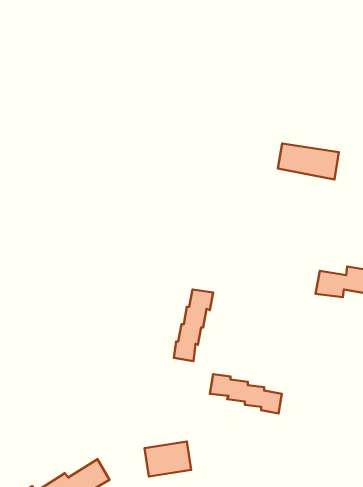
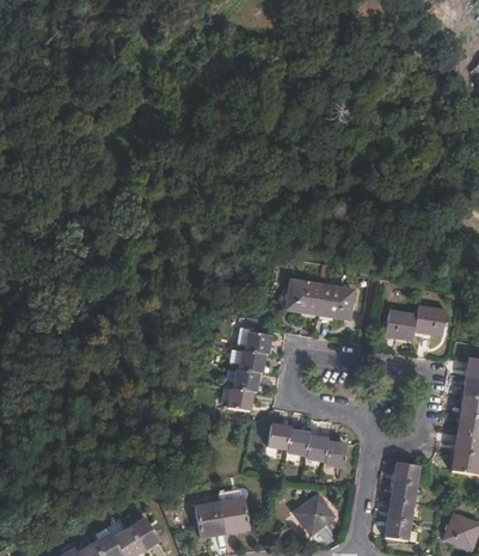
building: [278,144,339,179] -> [287,279,354,318]
building: none -> [386,462,418,539]
building: none -> [294,494,333,533]

